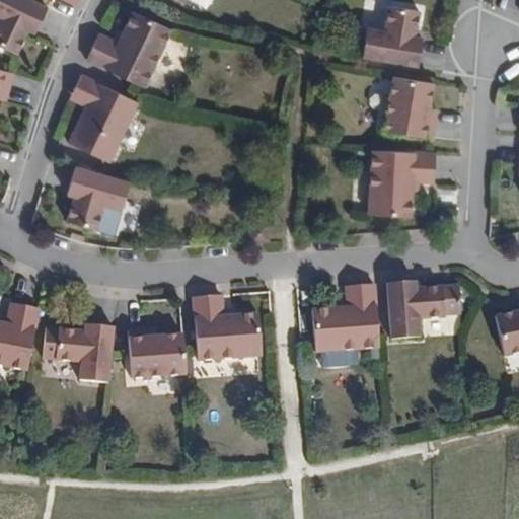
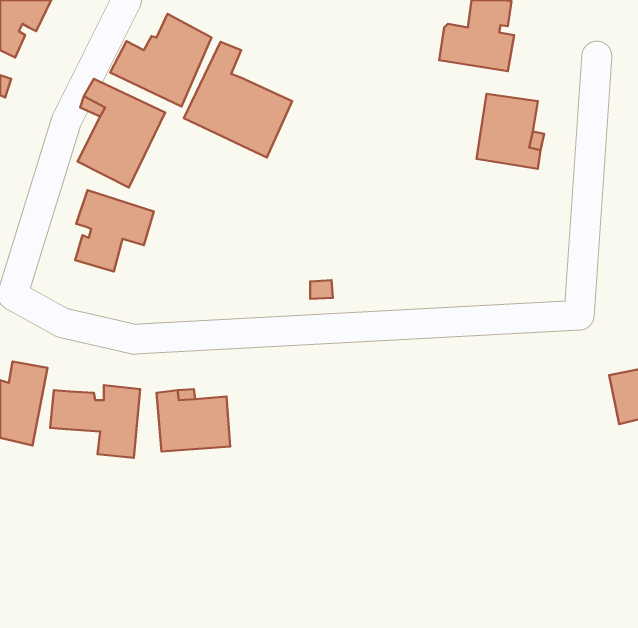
building: none -> [184,42,292,158]
building: [365,150,431,216] -> none
building: [311,282,380,352] -> none
building: [390,289,465,347] -> none
building: [194,293,263,358] -> none

